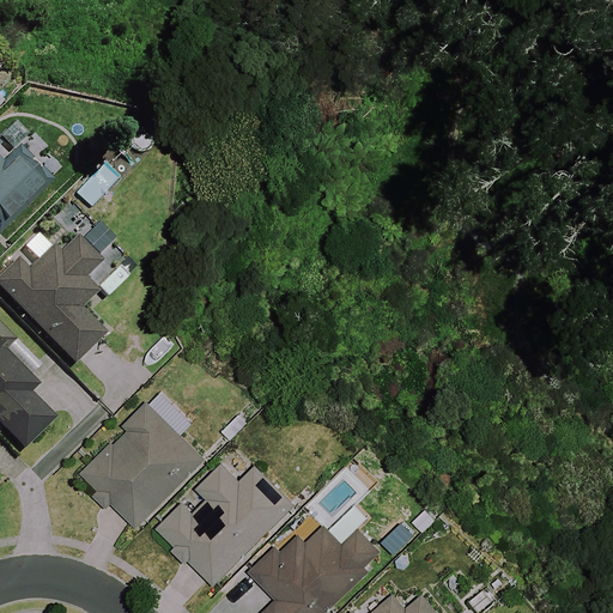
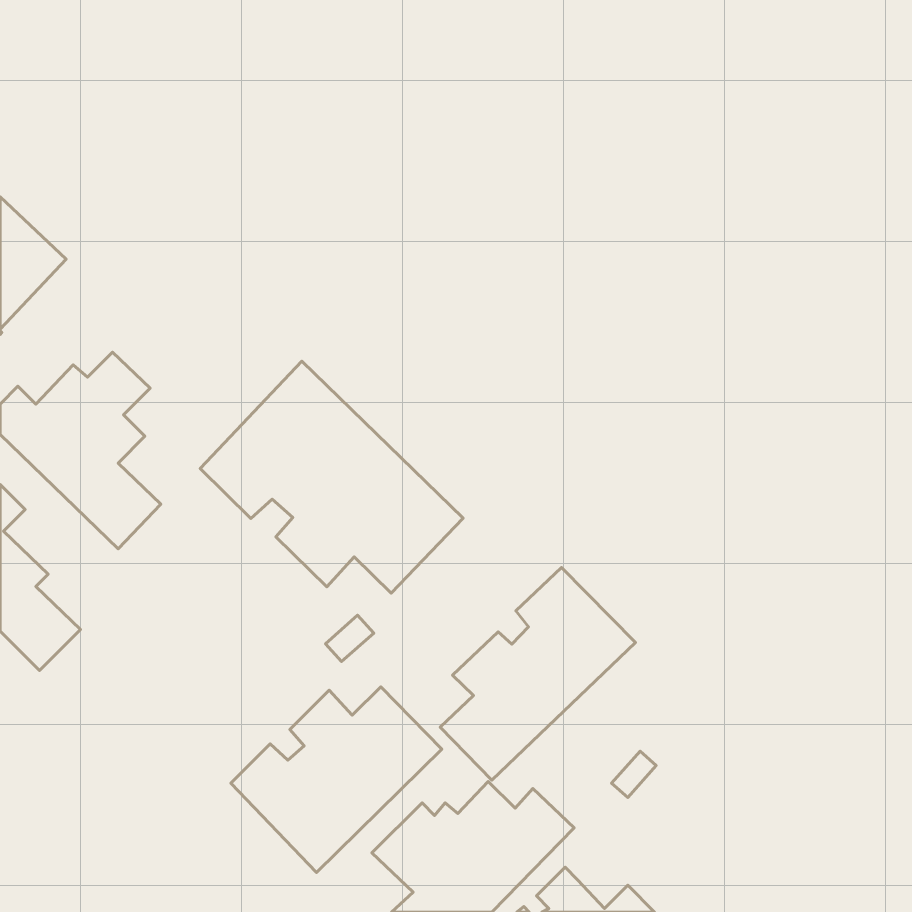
building: none -> [200,361,463,593]
building: none -> [440,567,635,780]
building: [78,400,207,529] -> none

